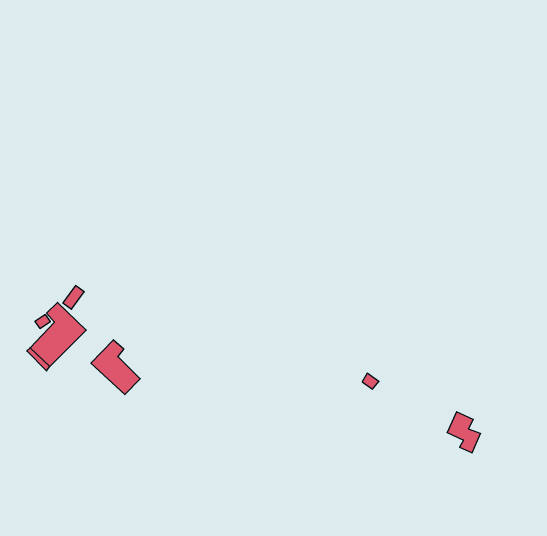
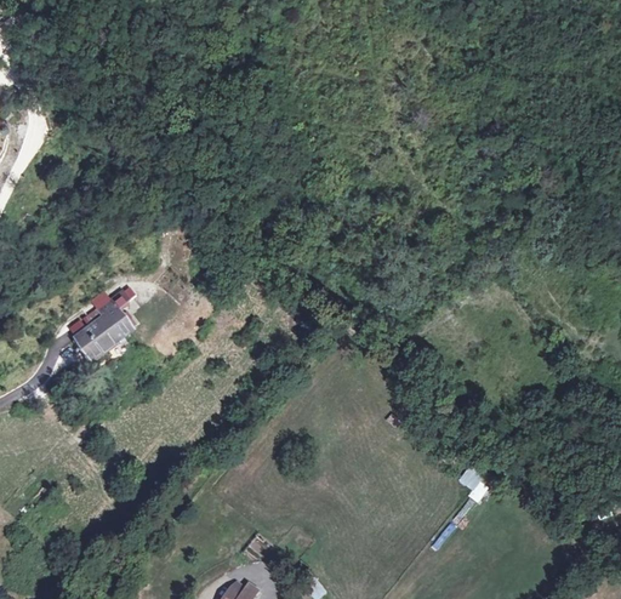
building: [91,340,140,395] -> none

